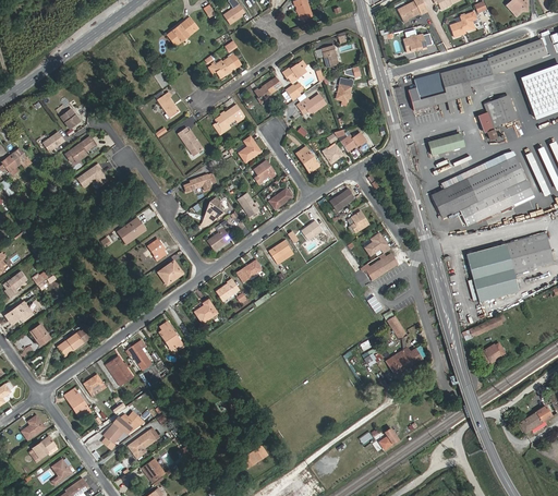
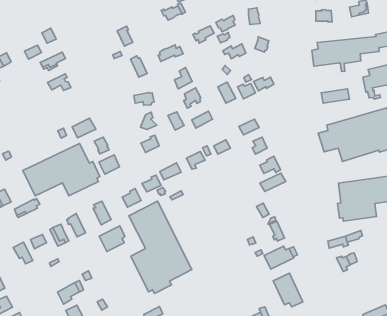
building: none -> [23,143,100,196]
building: none -> [129,201,192,293]
building: none -> [99,226,125,251]
building: none -> [273,273,303,307]
building: [105,415,144,448] -> none

